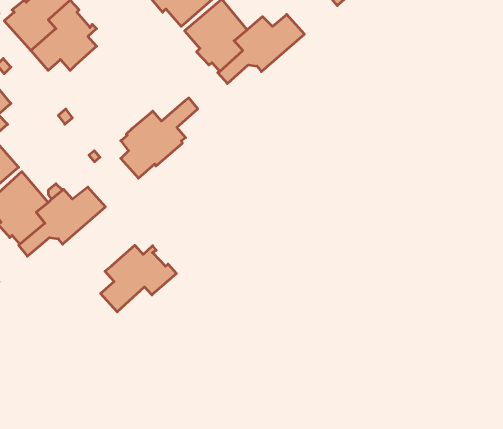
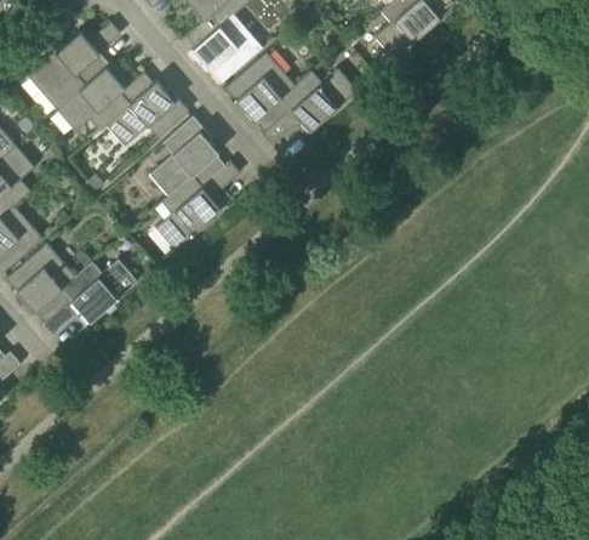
building: none -> [104,70,188,144]
building: none -> [148,115,224,194]
building: [101,245,176,312] -> none

